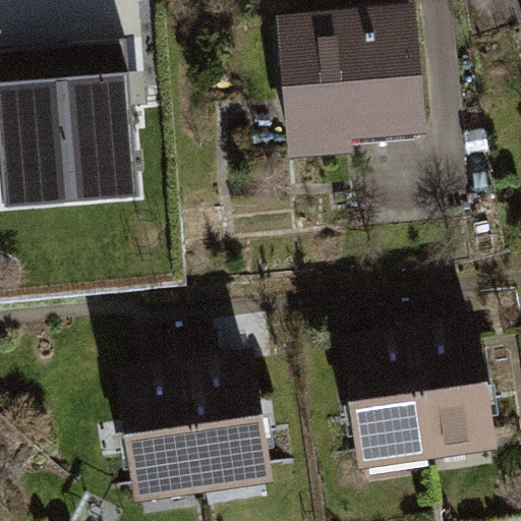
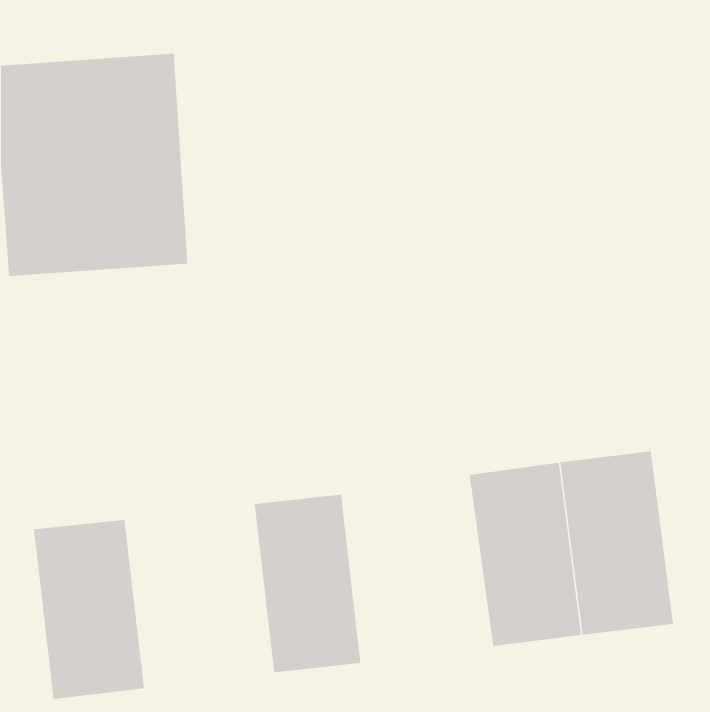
building: [276,14,426,172] -> none
building: [120,368,201,500] -> [33,520,145,700]

